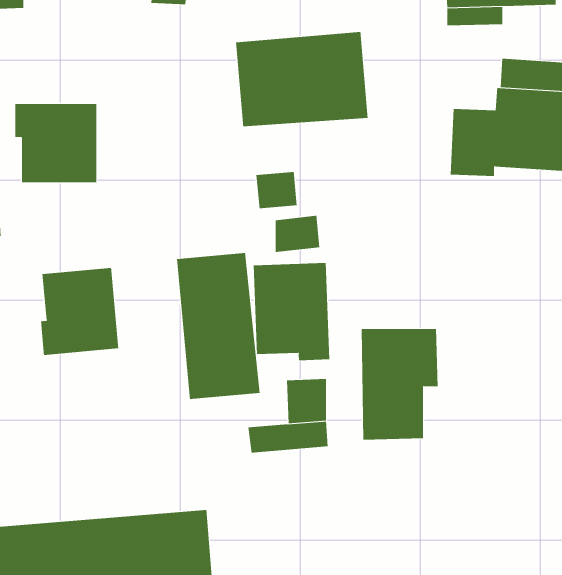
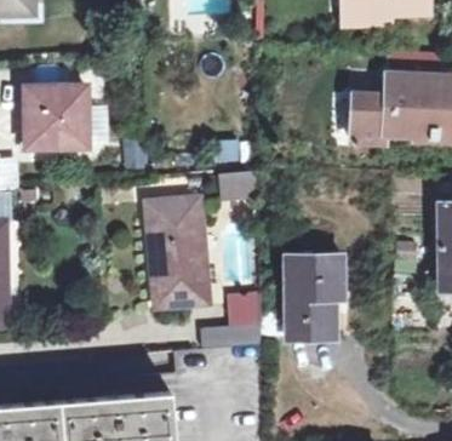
building: [236,31,368,127] -> none
building: [253,262,330,361] -> none
building: [40,267,119,356] -> none

